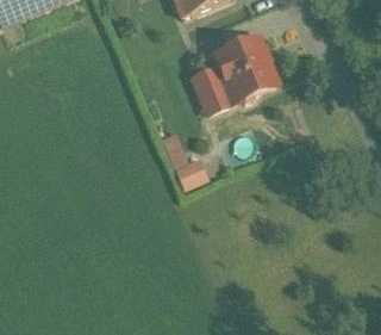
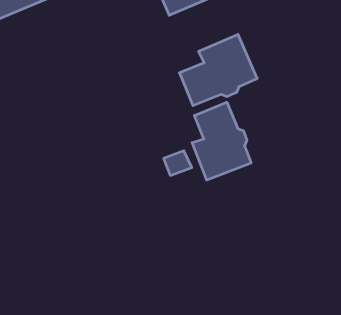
building: none -> [192,102,251,180]

